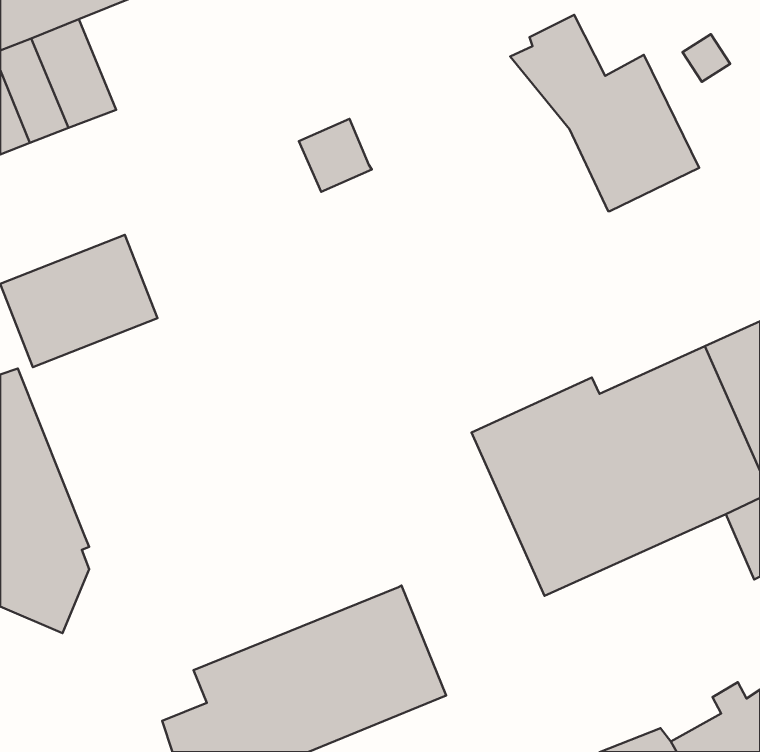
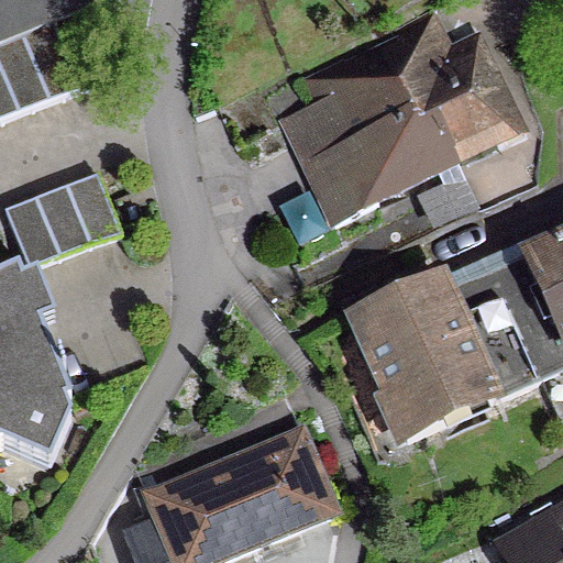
building: none -> [279,42,451,227]

